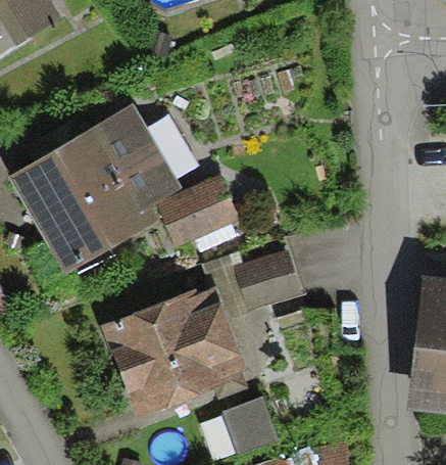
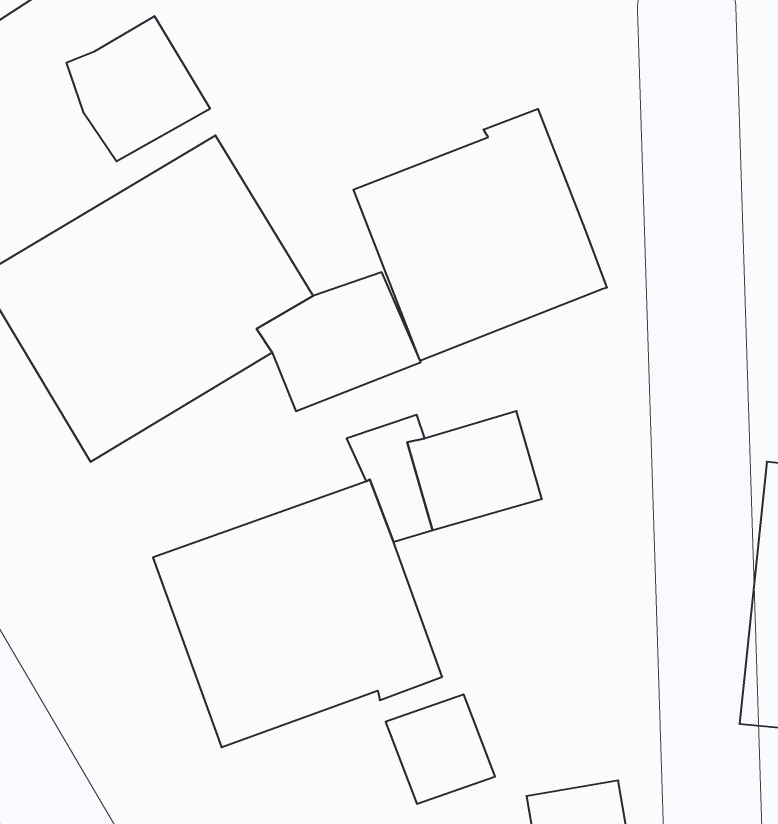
building: none -> [67,16,210,161]
building: none -> [353,109,607,361]

